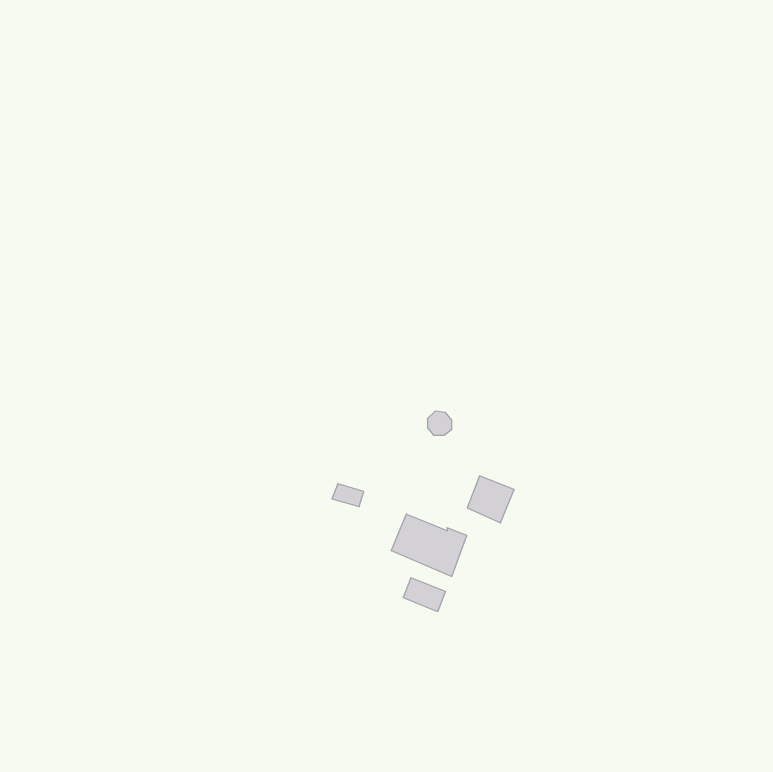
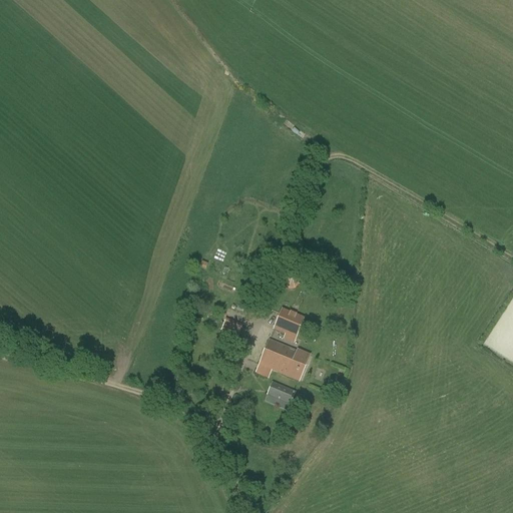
building: [467,476,514,523] -> [273,308,304,339]

